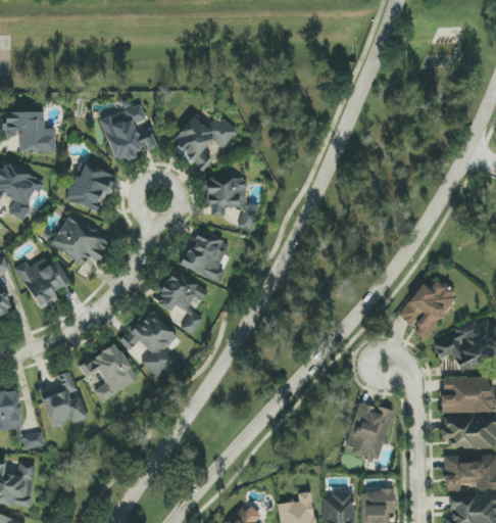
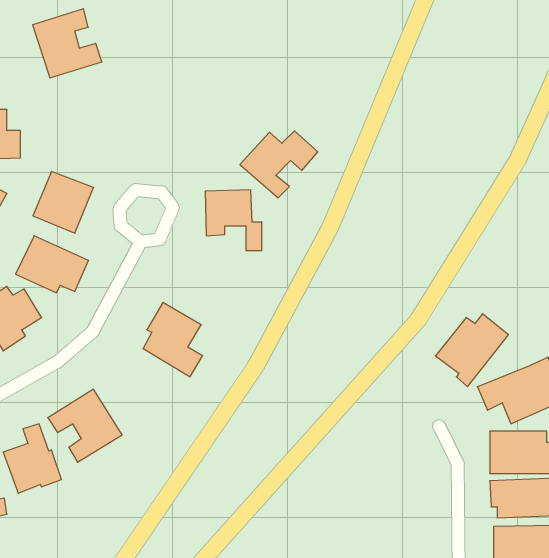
building: [100,104,157,161] -> [33,9,102,78]
building: [171,114,236,170] -> [240,131,318,198]
building: [181,227,230,283] -> none
building: [118,313,178,378] -> none
building: [345,400,393,463] -> none

